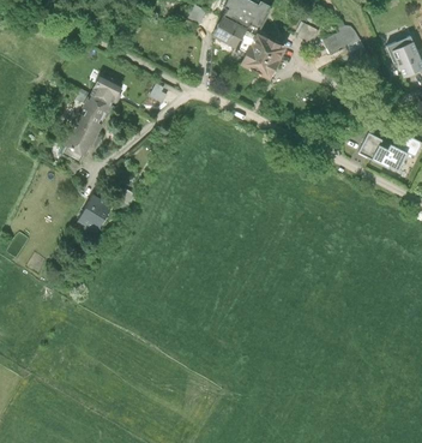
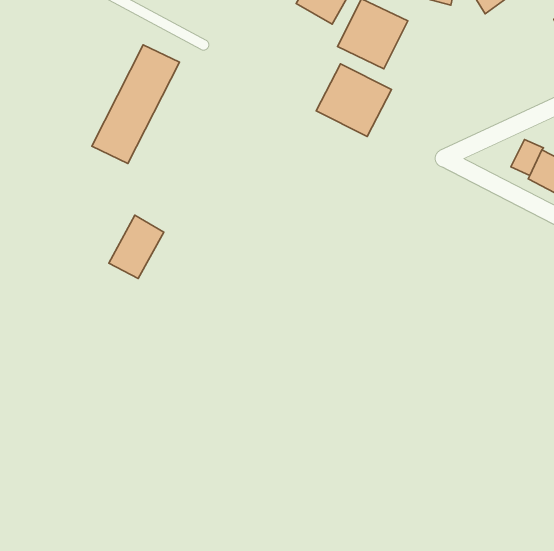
building: none -> [316,64,391,136]

